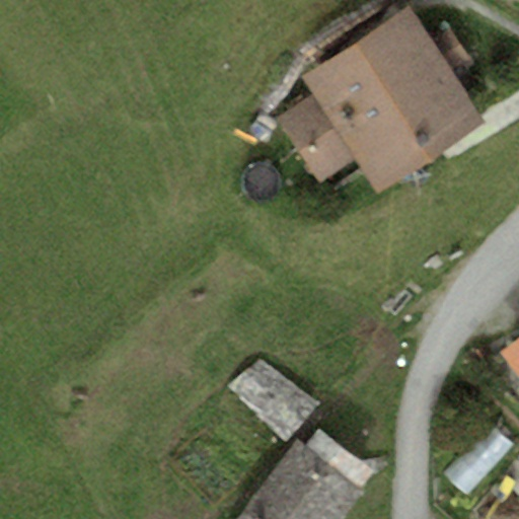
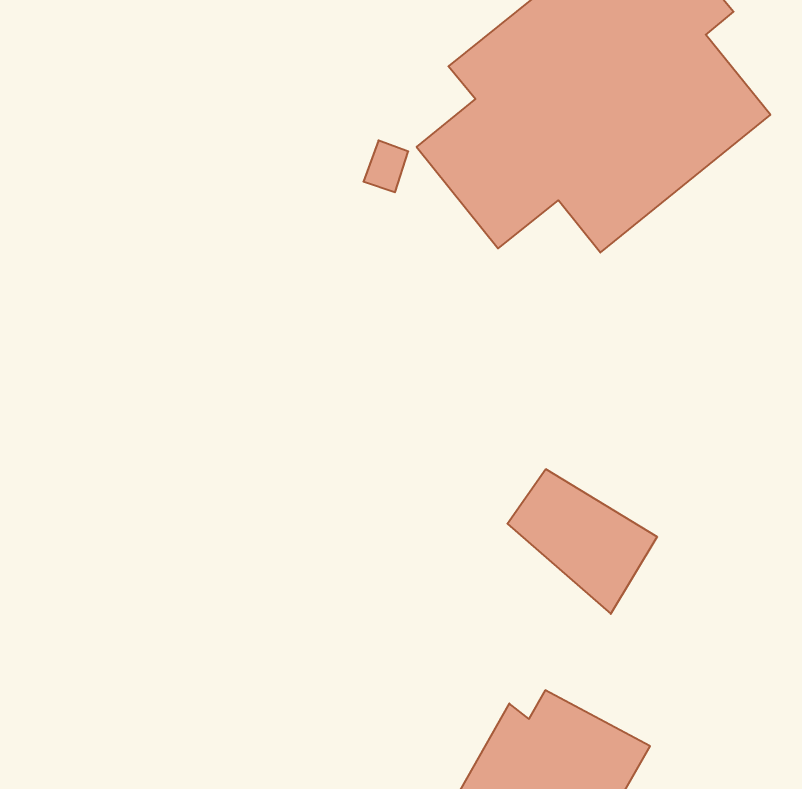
building: [232,358,316,444] -> [507,469,657,614]

